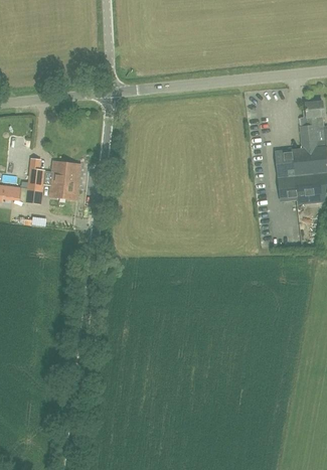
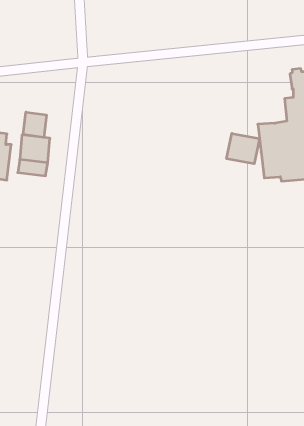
building: none -> [23,112,46,137]
building: none -> [227,133,259,164]

